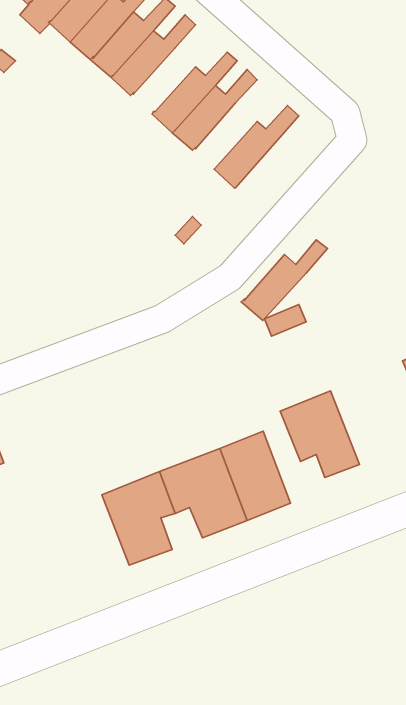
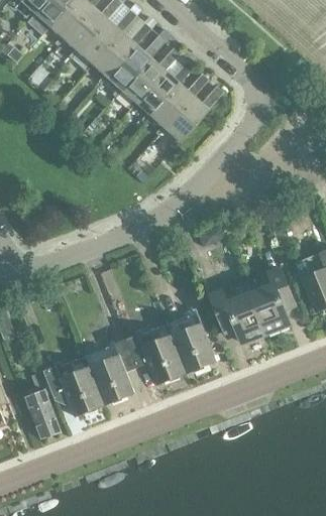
building: none -> [104,33,165,90]
building: [241,240,328,321] -> [147,72,208,128]
building: none -> [244,270,293,335]
building: none -> [42,356,103,418]
building: none -> [24,391,60,438]

